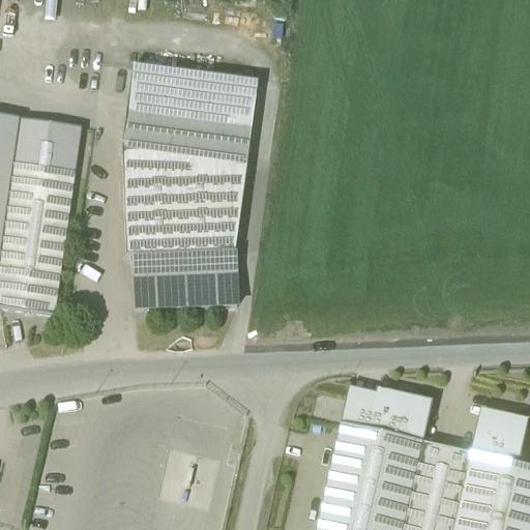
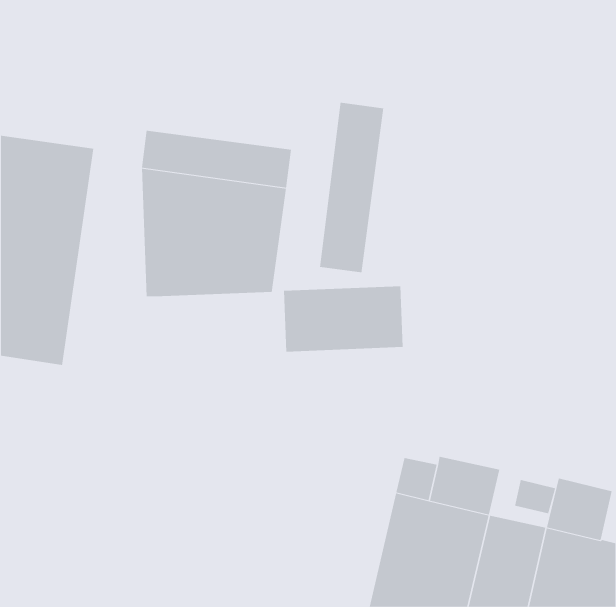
building: [125,62,258,128] -> none
building: none -> [320,102,384,273]
building: [132,251,236,307] -> [283,286,404,352]
building: none -> [514,479,556,514]

